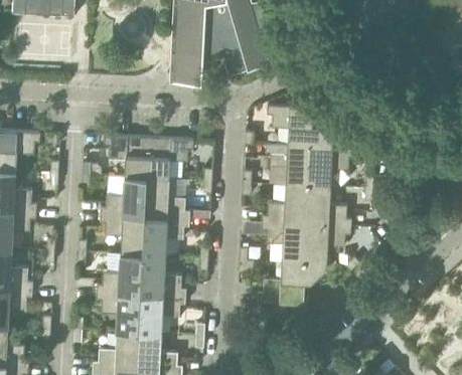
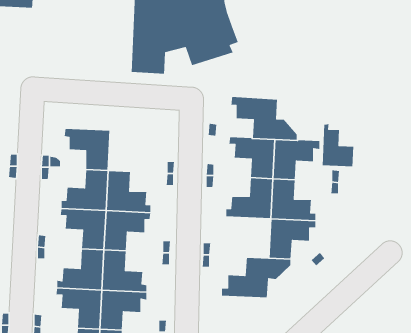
building: none -> [322,124,354,167]
building: [147,138,193,178] -> none
building: [262,222,306,262] -> none

